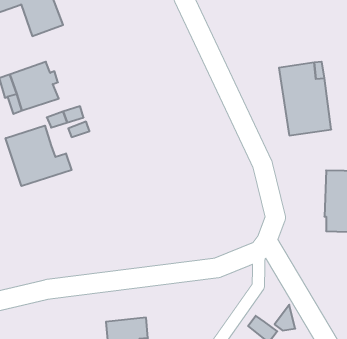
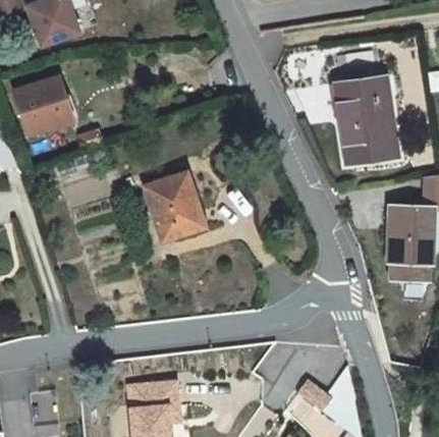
building: [6,126,72,186] -> none
building: none -> [145,172,207,240]

